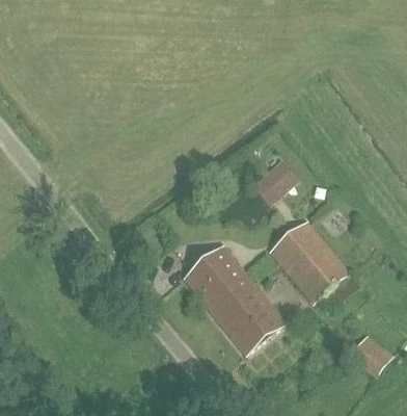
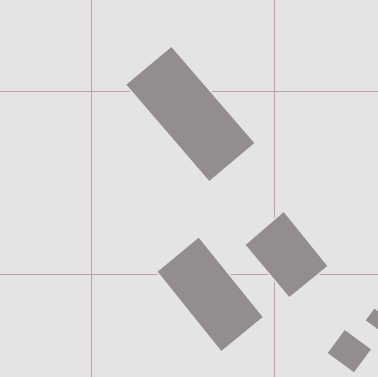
building: none -> [125,46,256,182]
building: [249,159,297,206] -> none

